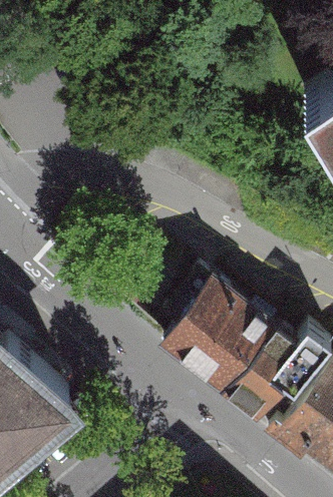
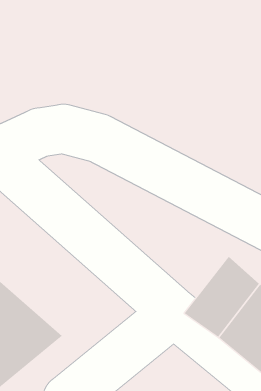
building: [157,279,274,395] -> none

